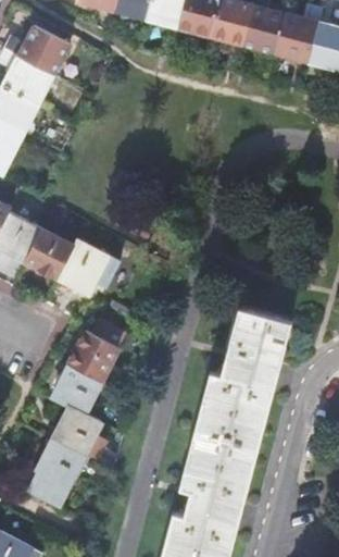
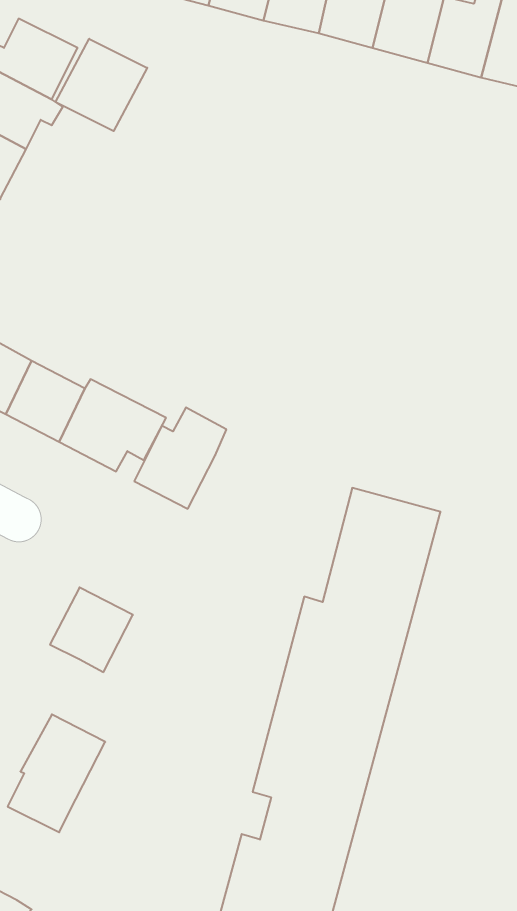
building: none -> [56,39,147,131]
building: [72,320,126,380] -> [134,407,226,509]
building: [55,406,104,455] -> none

